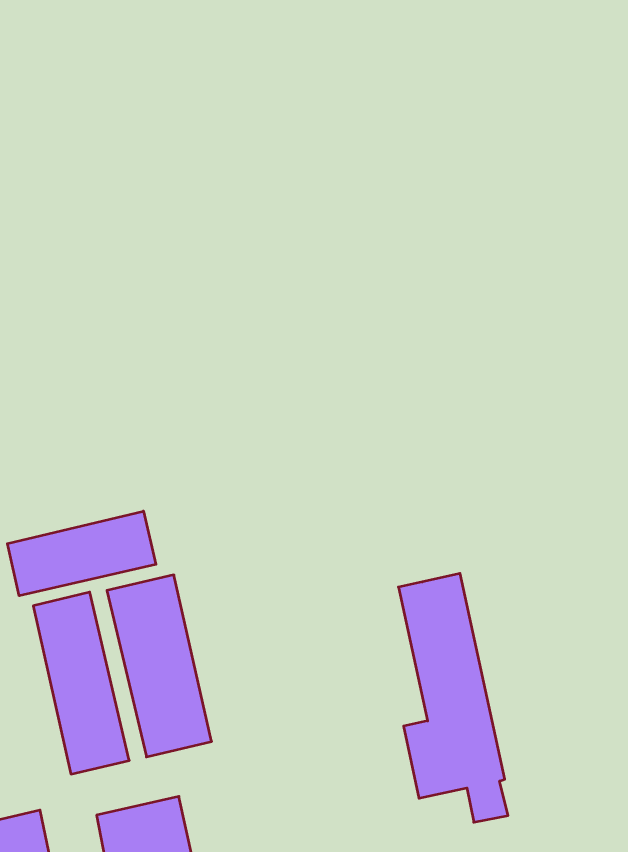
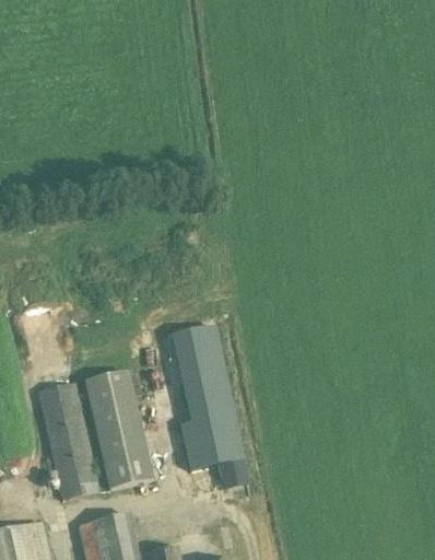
building: [7,511,156,596] -> none
building: [398,573,508,822] -> [176,325,246,483]

